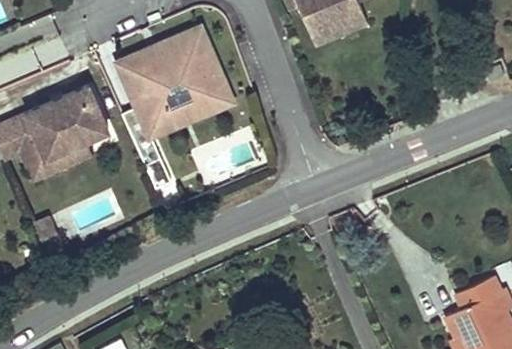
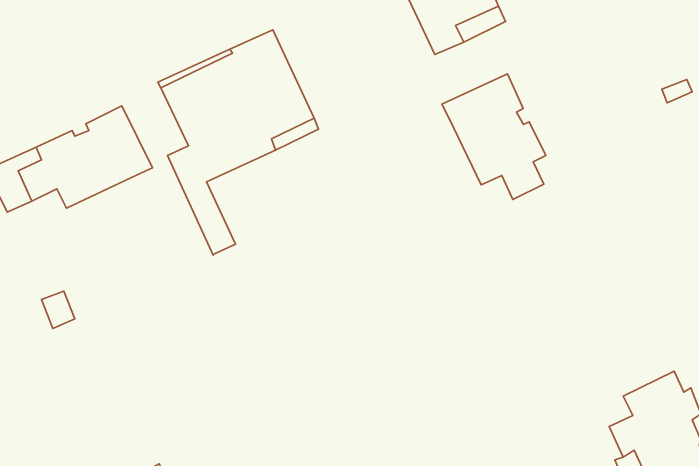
building: none -> [442,74,546,200]
building: [27,132,110,179] -> none

